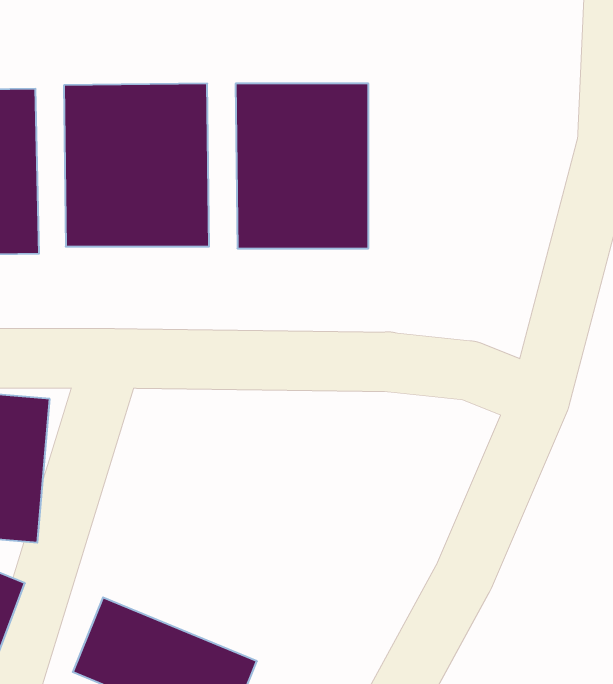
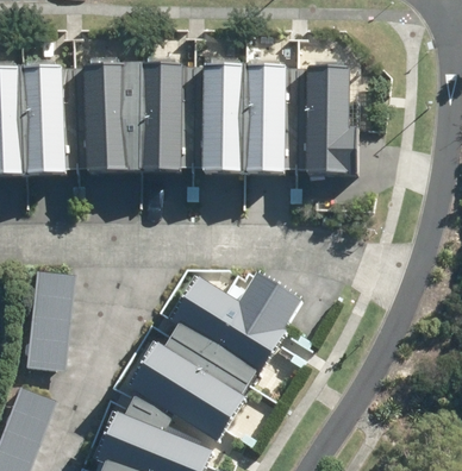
building: none -> [306,67,357,172]
building: none -> [169,271,304,375]
building: none -> [125,338,249,442]

